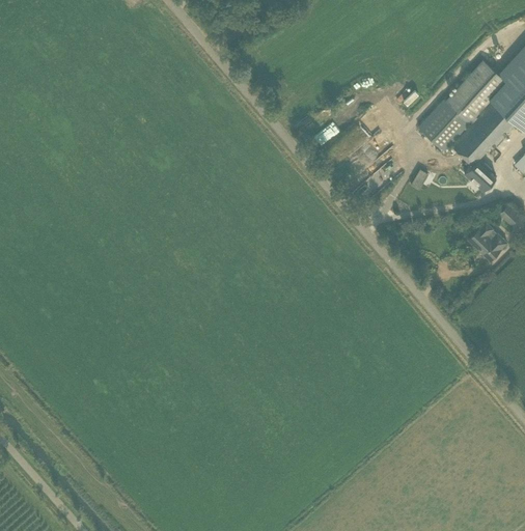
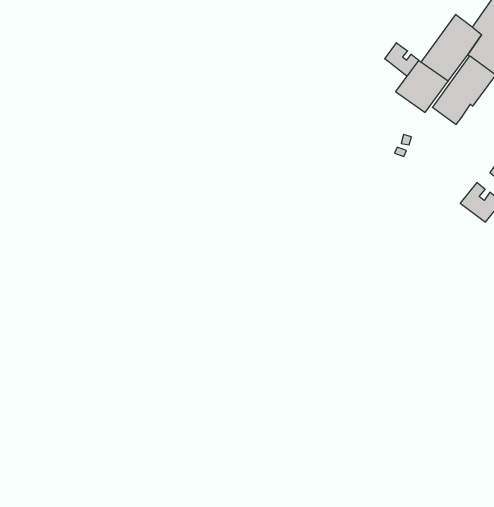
building: none -> [385,43,419,76]
building: [465,159,497,188] -> none

